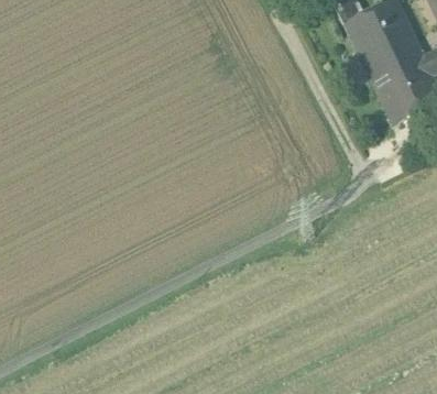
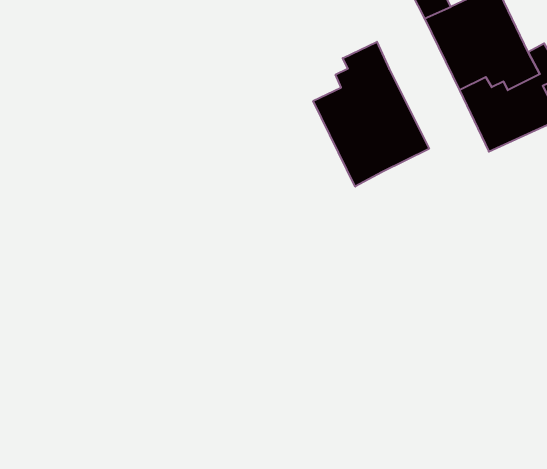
building: none -> [313,42,429,187]

